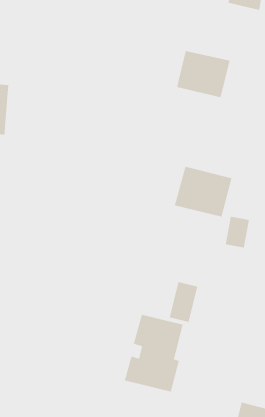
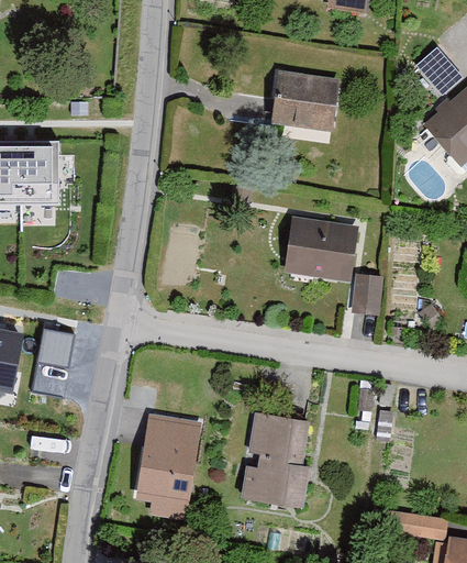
building: [169,281,198,323] -> none
building: none -> [135,410,204,519]

